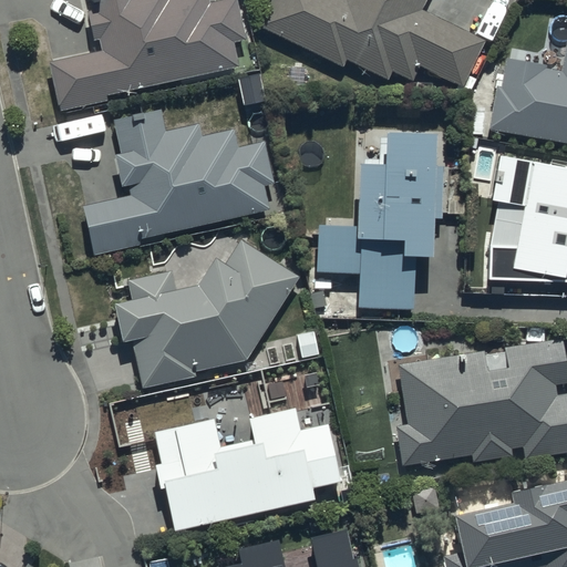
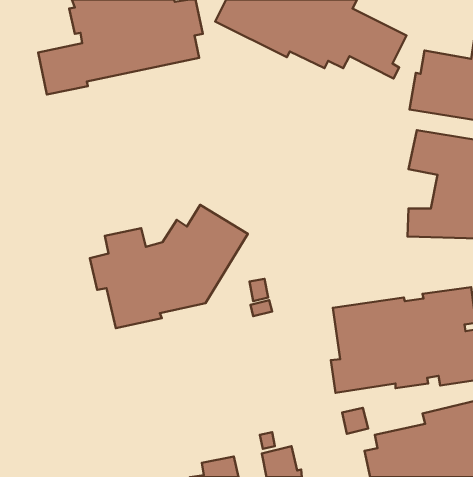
building: [85,111,277,255] -> none
building: [318,137,443,308] -> none
building: [153,408,341,534] -> none

